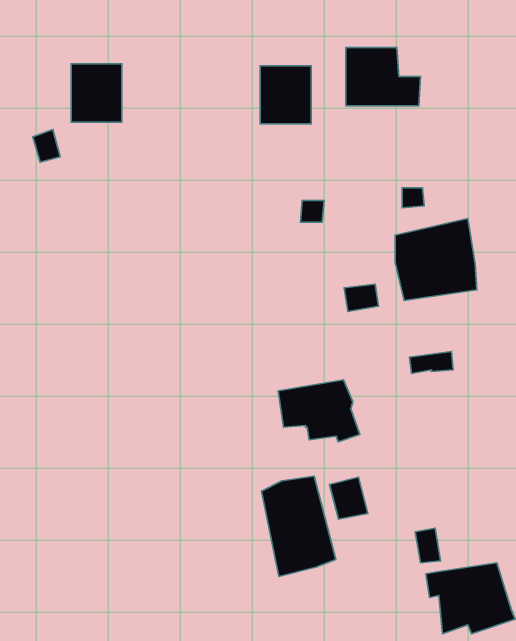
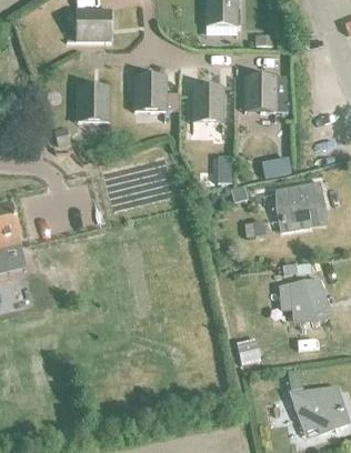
building: none -> [134,74,177,110]
building: [278,380,360,442] -> [280,280,330,318]
building: [262,476,336,577] -> none

